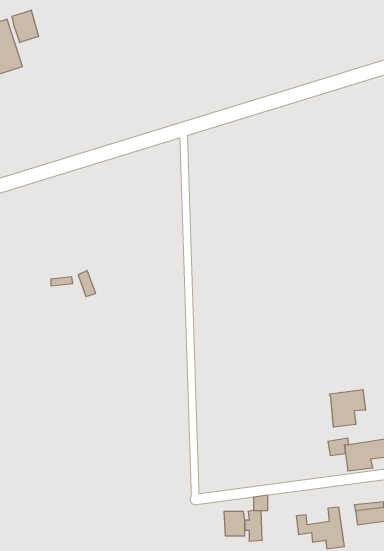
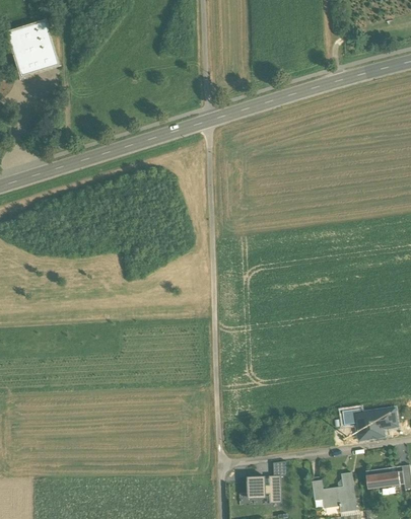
building: [12,10,39,43] -> none
building: [330,389,365,427] -> none

